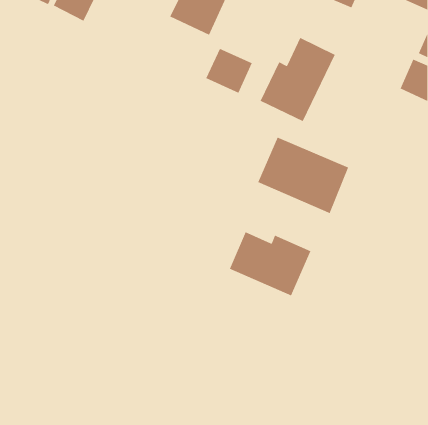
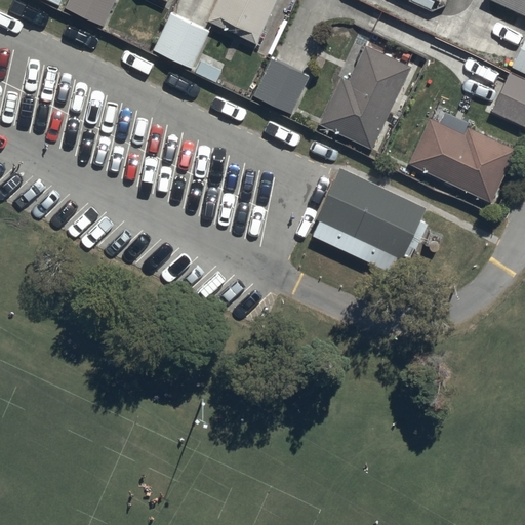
building: none -> [154,11,210,68]
building: none -> [410,119,516,201]
building: [229,231,312,296] -> none

